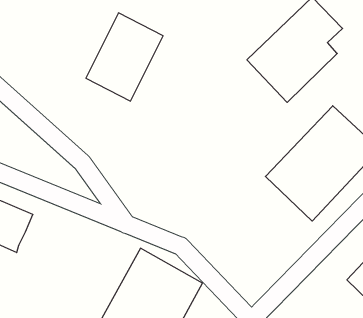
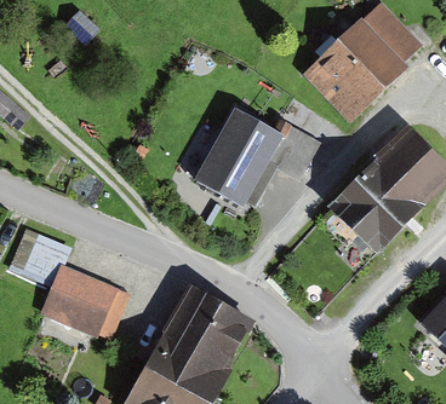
building: [86,13,163,101] -> [195,109,281,207]
building: none -> [40,266,126,341]

